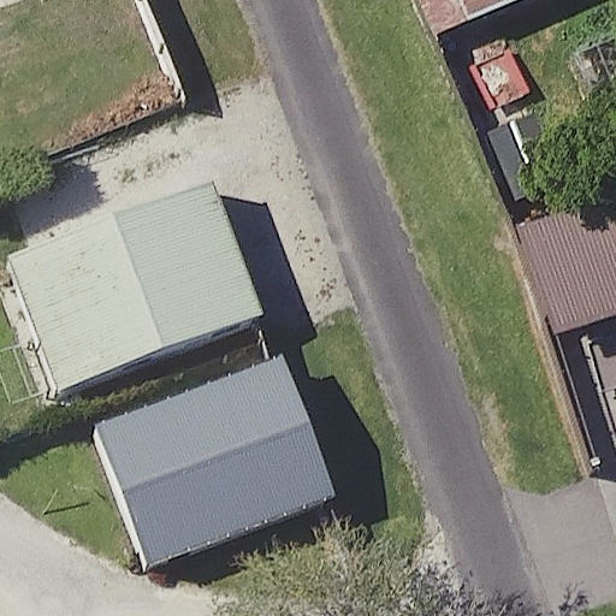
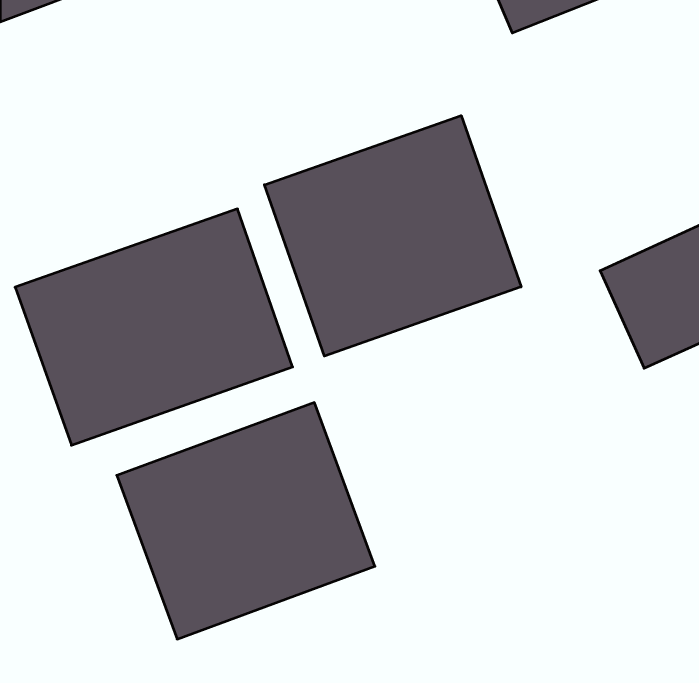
building: none -> [264,116,521,356]

